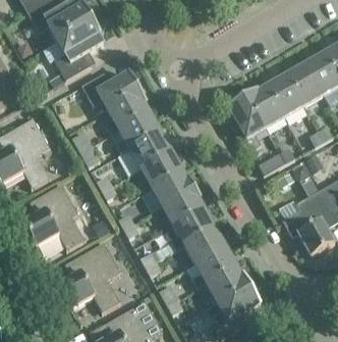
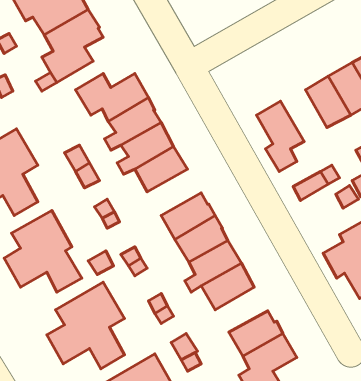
building: [246,84,284,126] -> none
building: [138,148,182,186] -> none
building: [185,244,236,286] -> none

